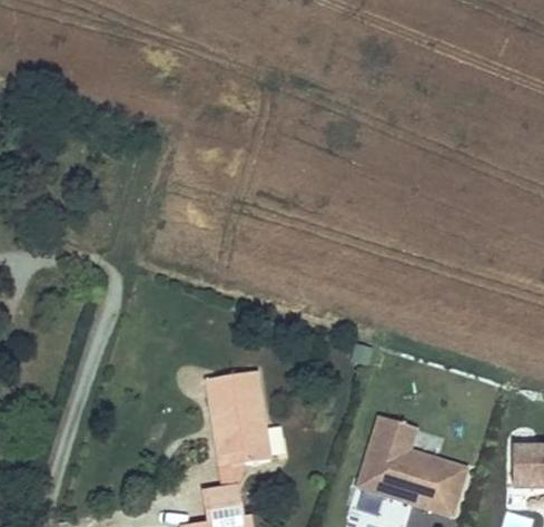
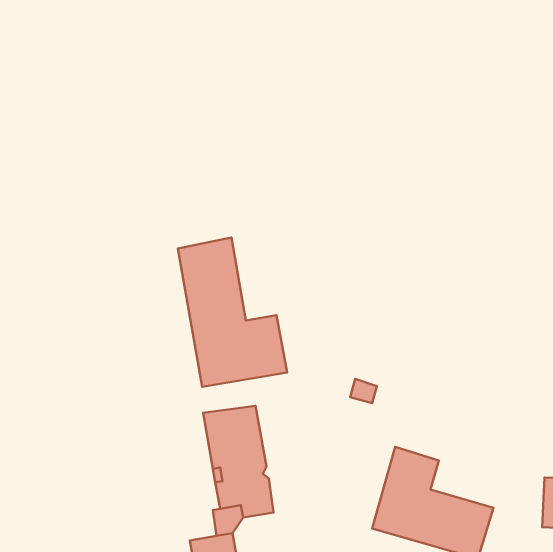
building: none -> [178,238,287,387]

